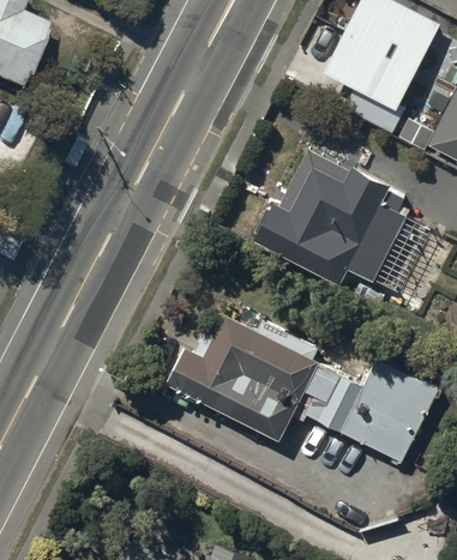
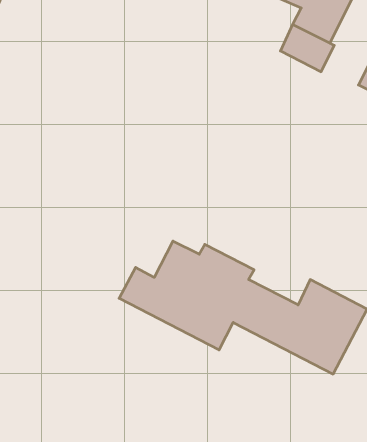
building: [252,164,431,294] -> none

